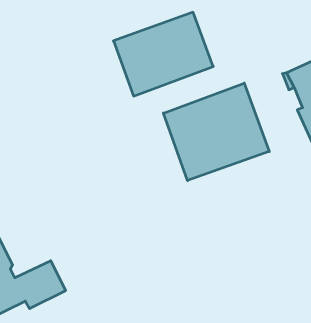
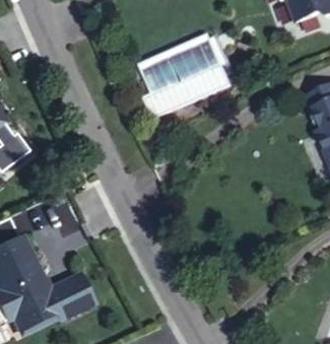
building: [163,83,269,181] -> none

